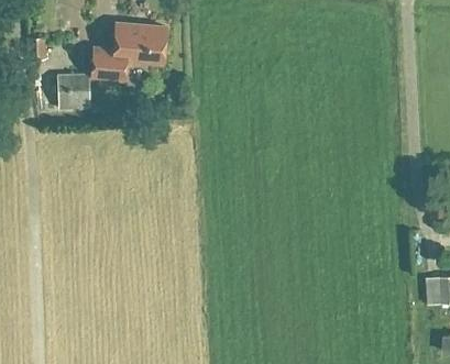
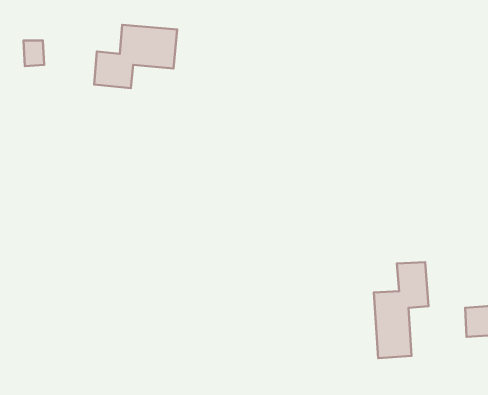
building: [57,74,90,108] -> none
building: none -> [374,262,428,358]

